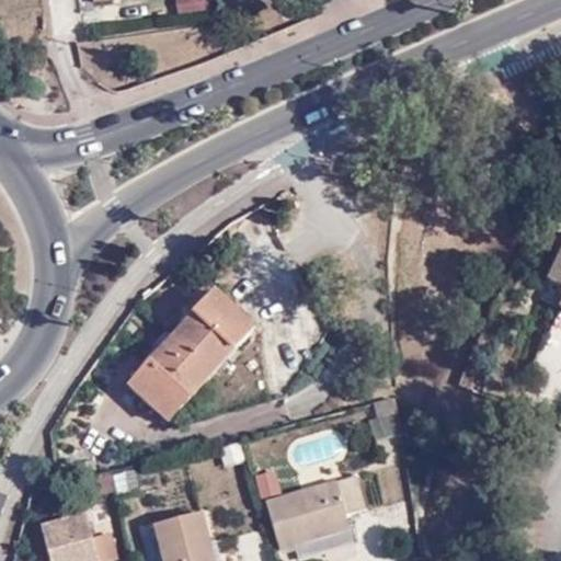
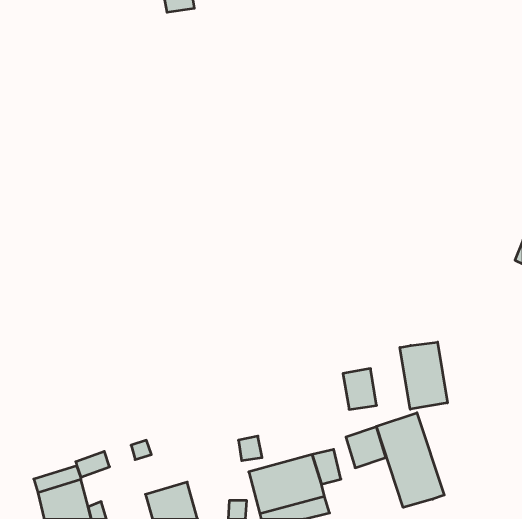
building: [129,285,250,417] -> none
building: none -> [400,342,447,409]
building: none -> [376,413,444,507]

